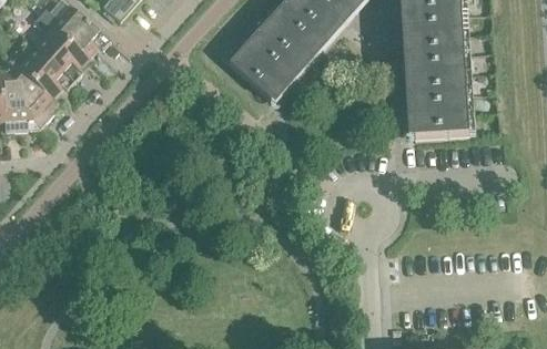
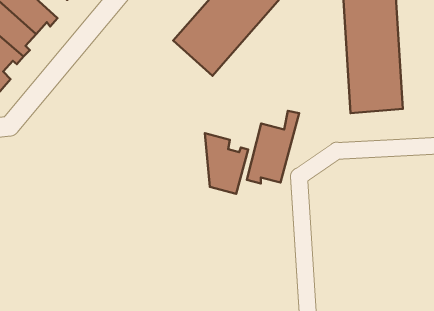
building: none -> [247,111,299,184]
building: none -> [205,133,248,194]

